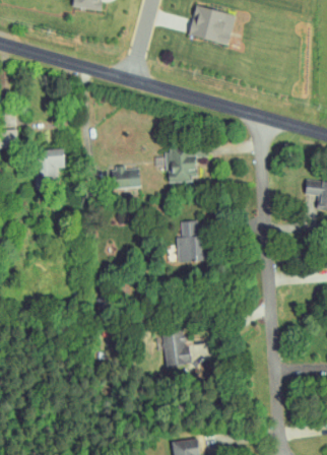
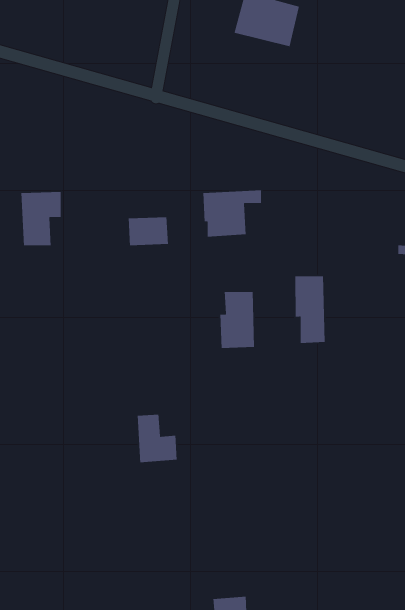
building: none -> [294,275,326,344]
building: [168,330,197,366] -> [137,414,178,463]

